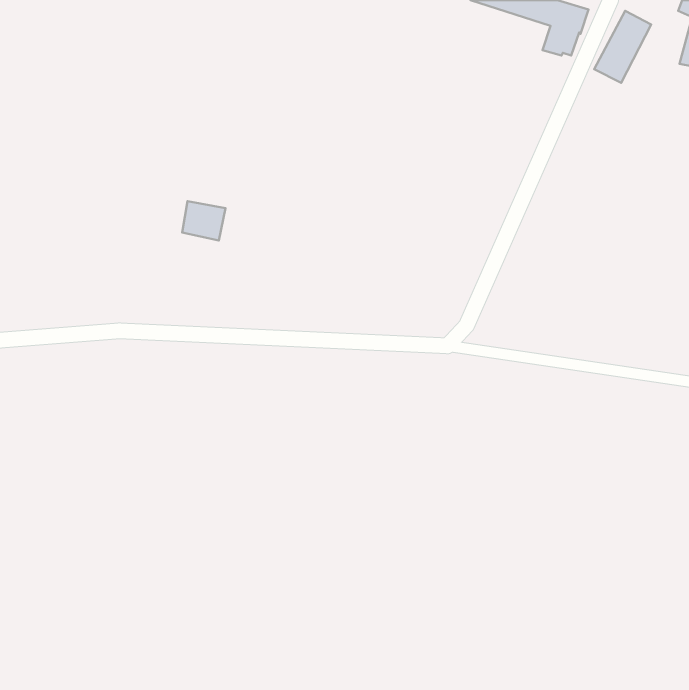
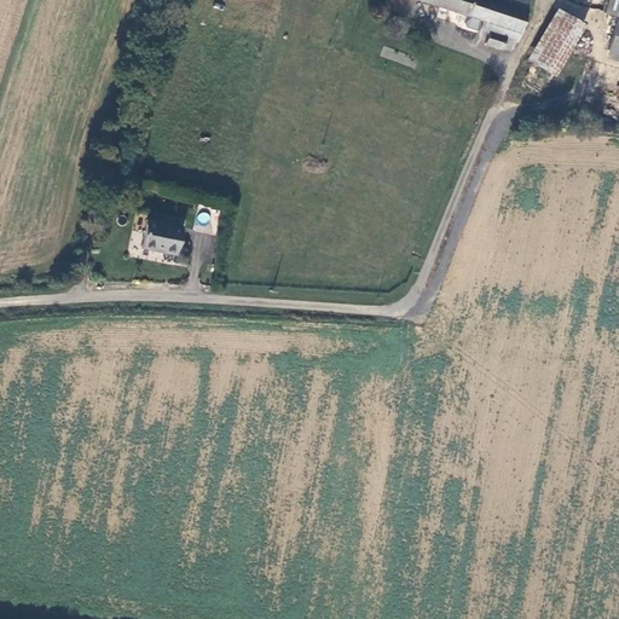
building: [182,201,226,241] -> [145,221,184,256]

